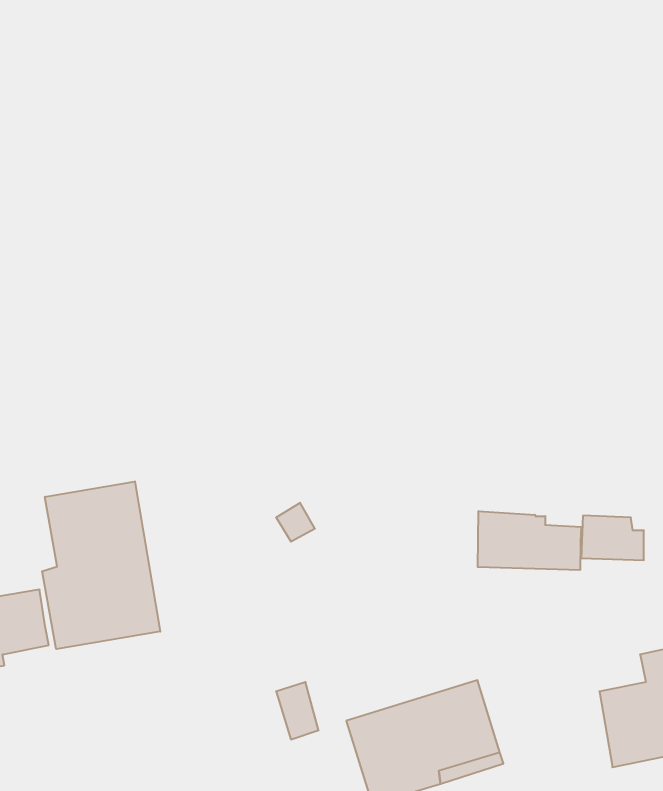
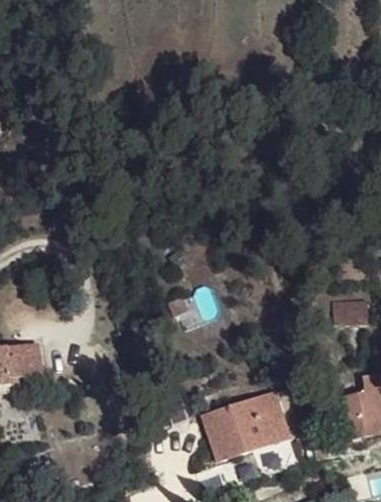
building: [42,481,160,649] -> none
building: [478,511,581,570] -> none

